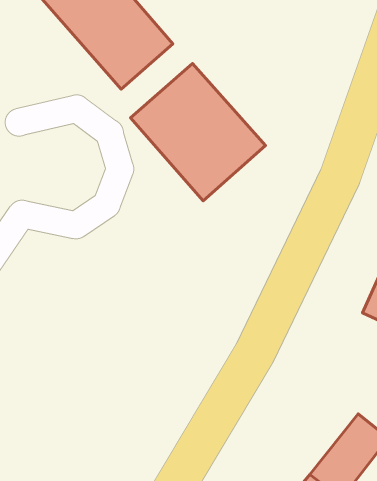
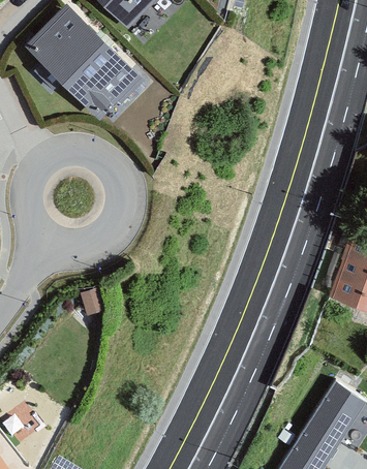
building: [130,64,265,201] -> none

